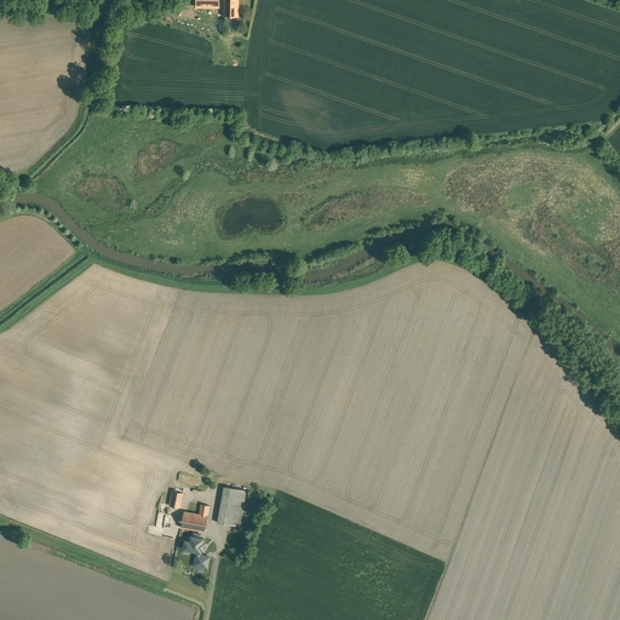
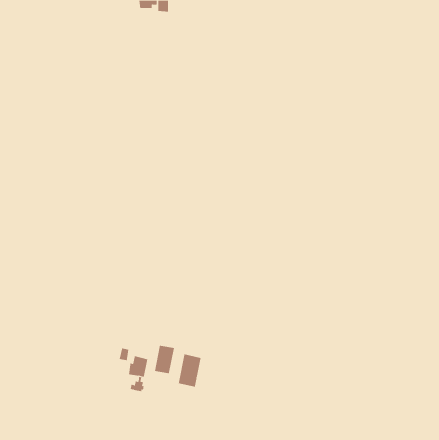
building: none -> [178,353,201,388]

